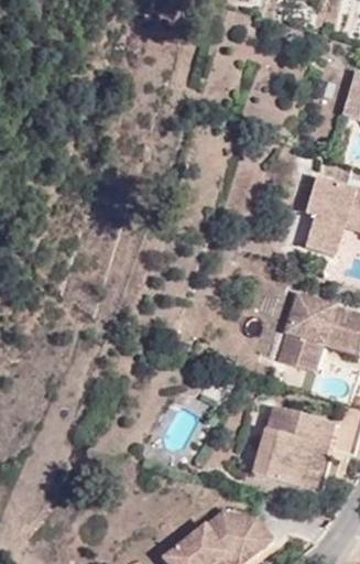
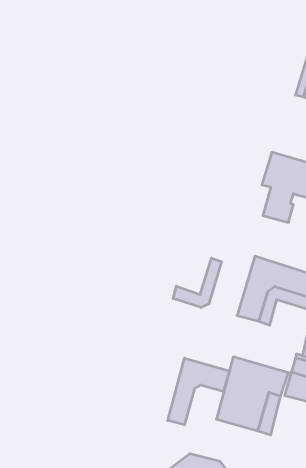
building: none -> [173,258,222,308]
building: none -> [168,358,229,425]

